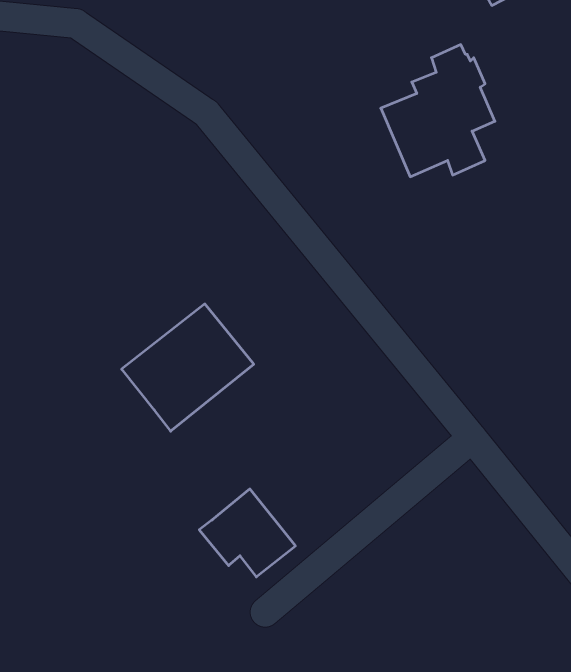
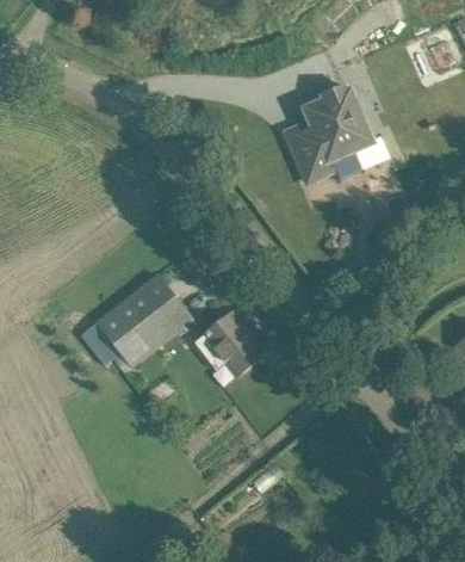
building: none -> [81,321,120,363]
building: [199,489,295,577] -> [194,311,265,376]

